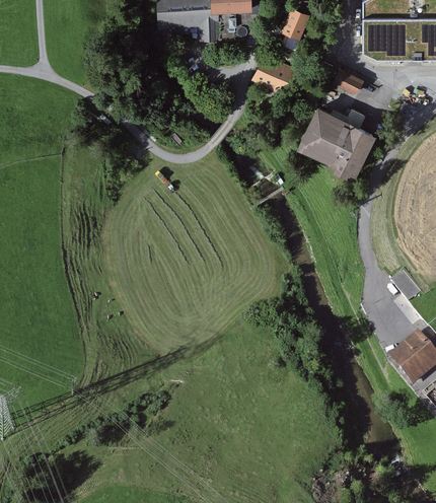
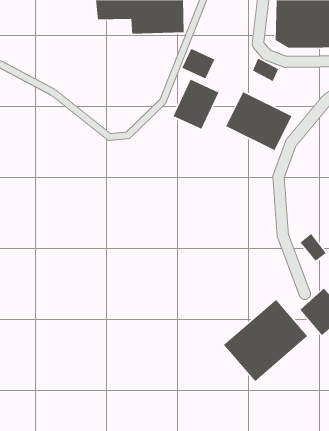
building: [280,8,306,38] -> none
building: none -> [173,79,219,130]
building: none -> [223,299,308,382]

